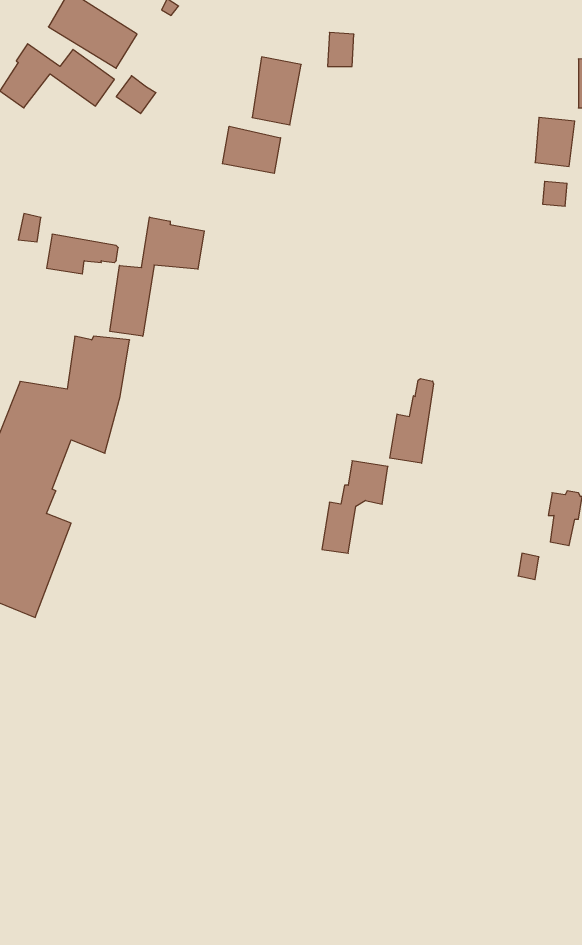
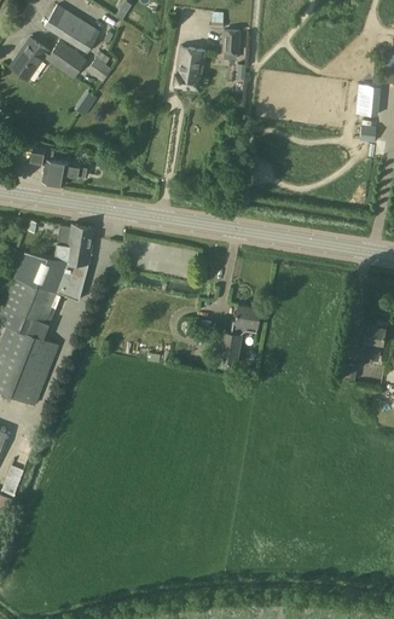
building: [222,126,281,173] -> none
building: [110,217,204,336] -> none
building: [390,379,434,463] -> none

